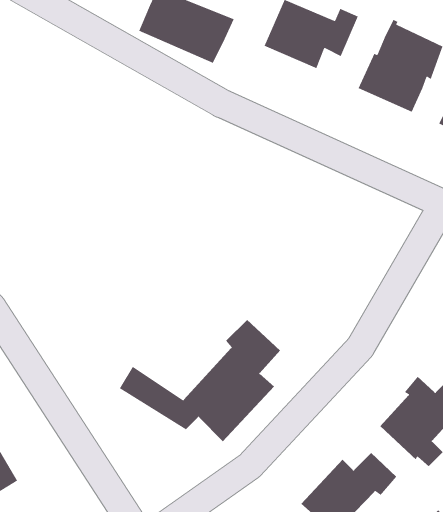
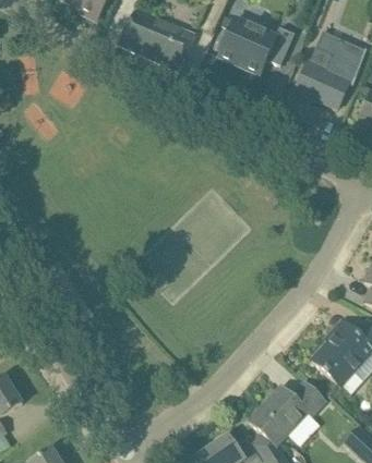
building: [119,319,281,442] -> none

